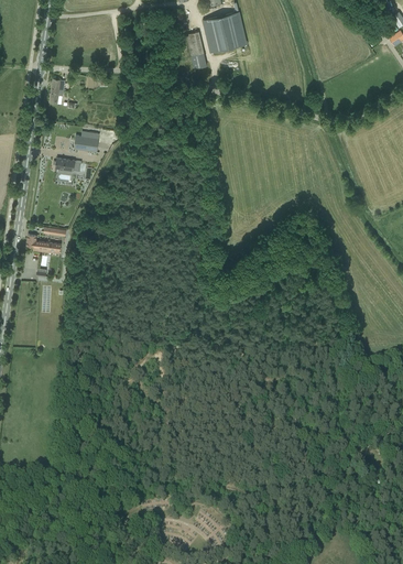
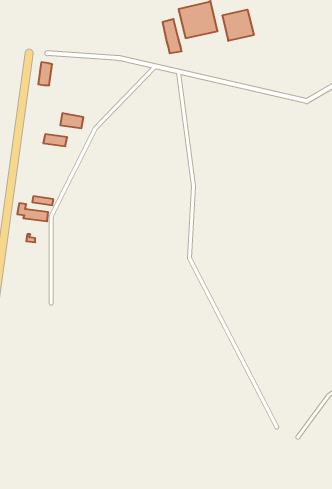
building: none -> [223,10,254,41]

